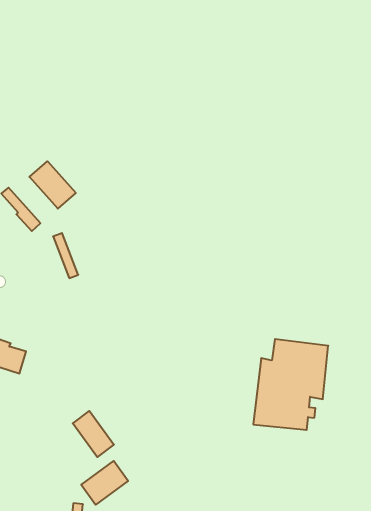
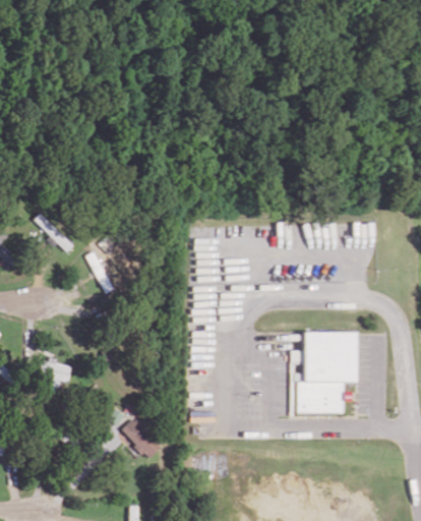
building: [29,161,76,209] -> none
building: [81,461,128,505] -> none

